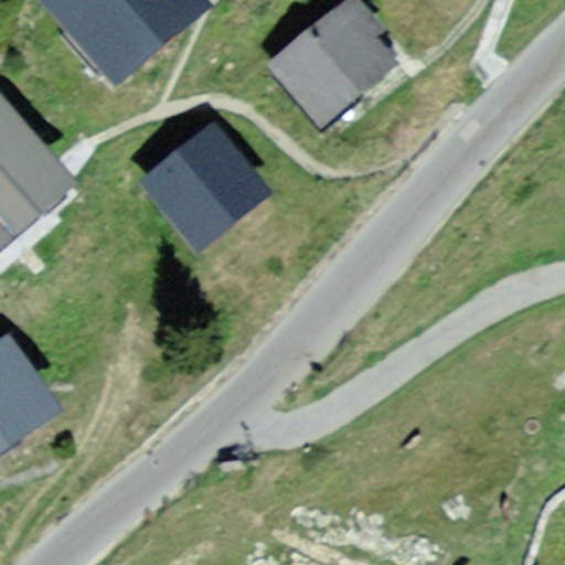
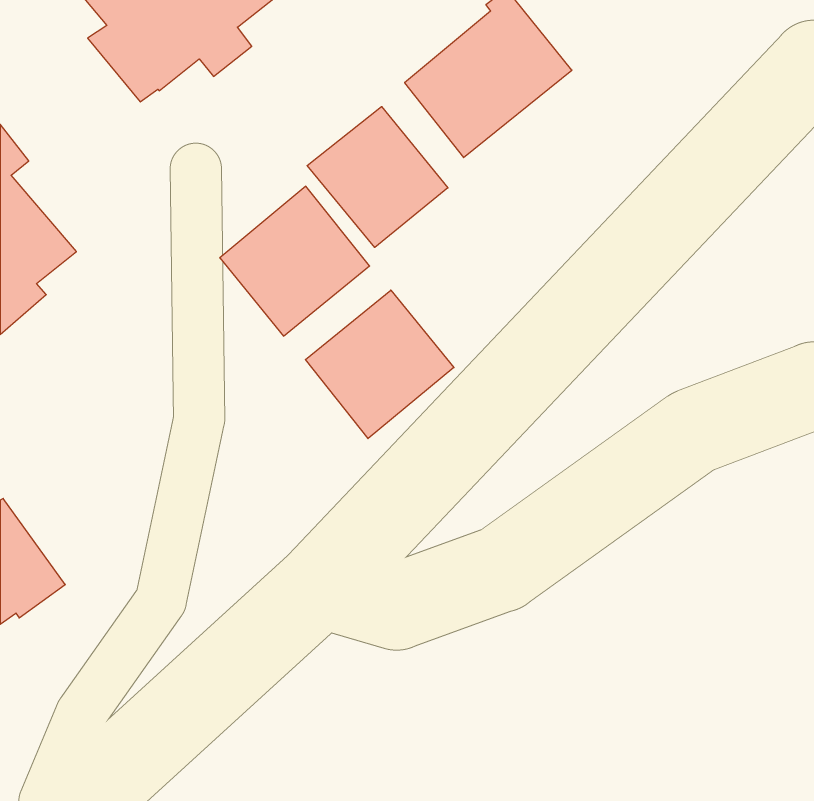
building: none -> [307,107,448,247]
building: none -> [305,290,454,439]

